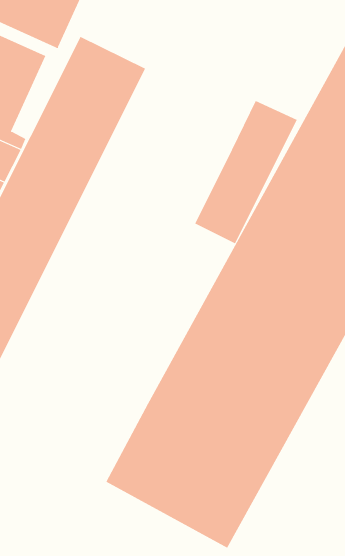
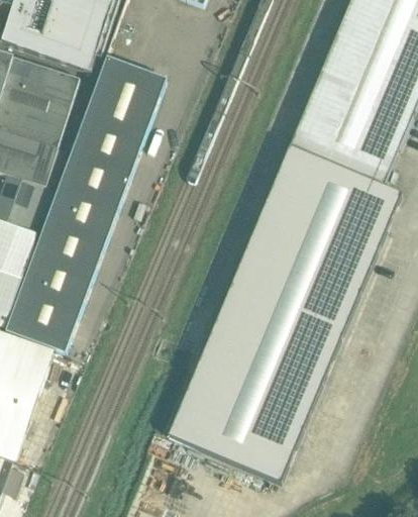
building: [195,100,298,244] -> none

